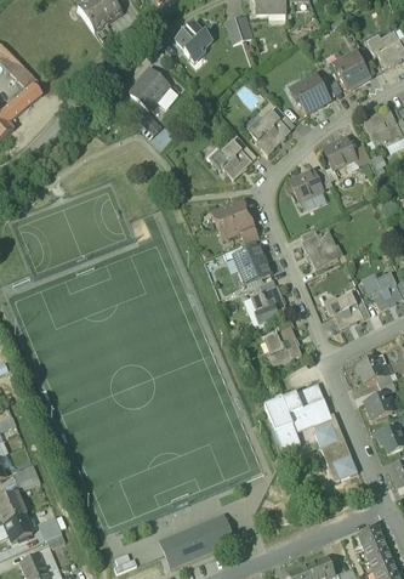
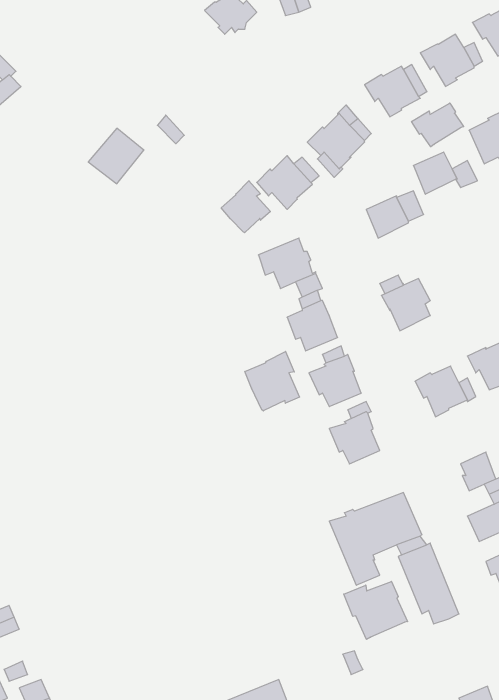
building: [129,68,169,108] -> [88,128,144,184]
building: none -> [412,103,464,147]
building: none -> [221,181,270,233]
building: none -> [245,351,299,411]
building: none -> [344,581,408,639]

